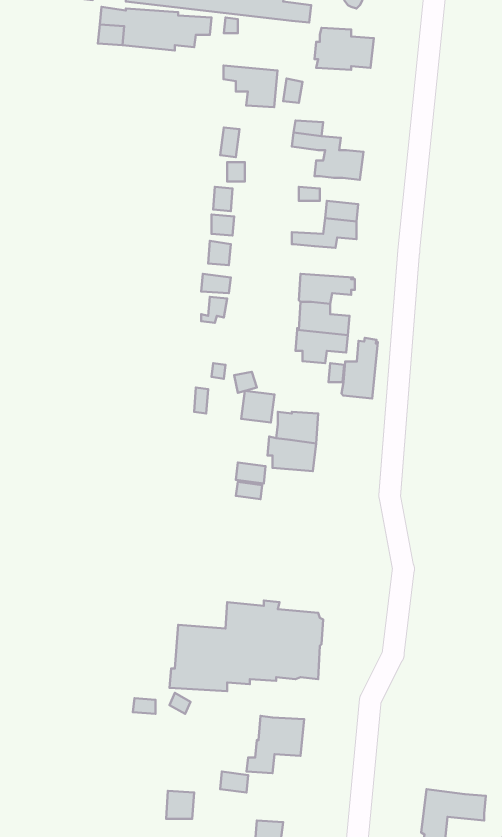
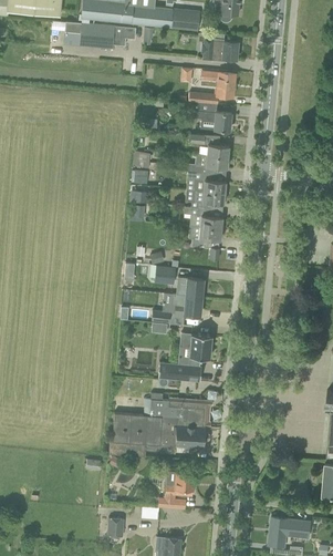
building: [223,65,278,107] -> [201,71,236,97]
building: none -> [192,173,226,193]
building: [342,338,378,399] -> none
building: none -> [159,331,214,380]

